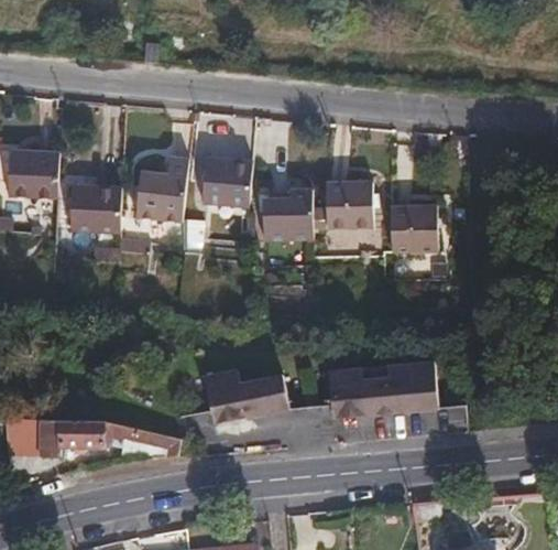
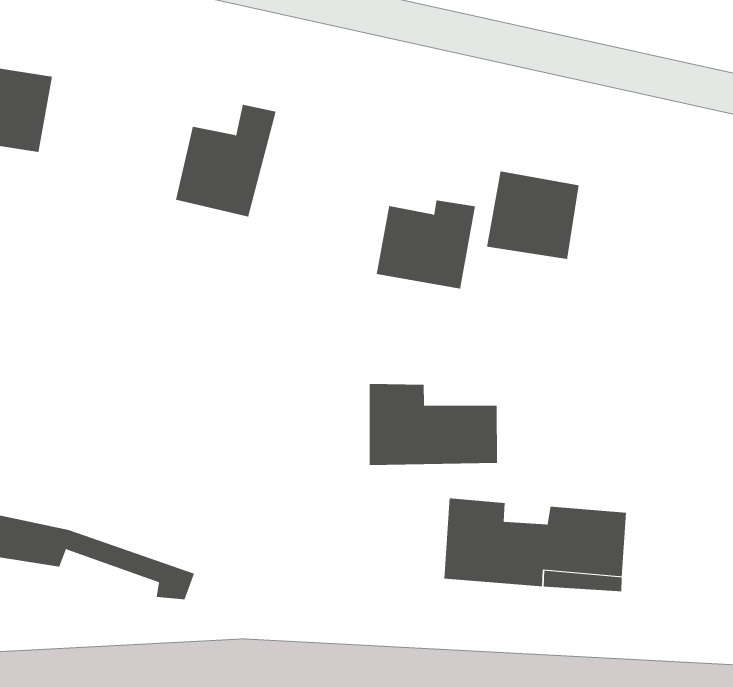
building: [204,154,253,204] -> none
building: [67,190,118,237] -> none
building: [390,198,439,244] -> none
building: [199,368,283,421] -> [369,383,498,465]

